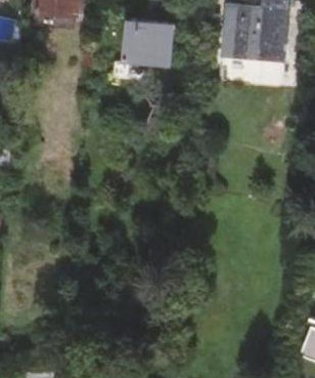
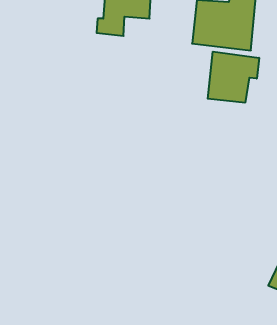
building: none -> [208,52,259,103]

